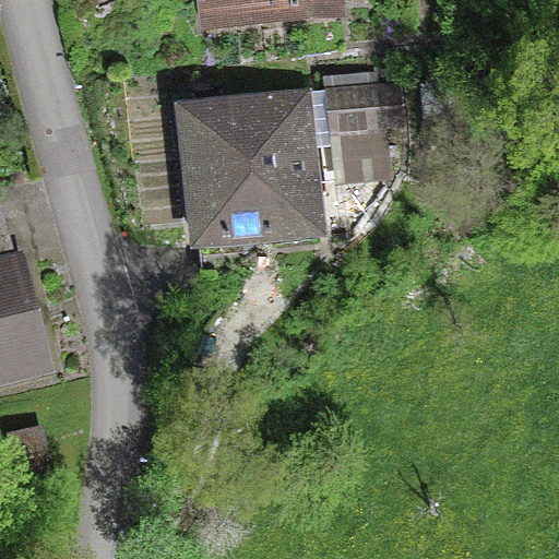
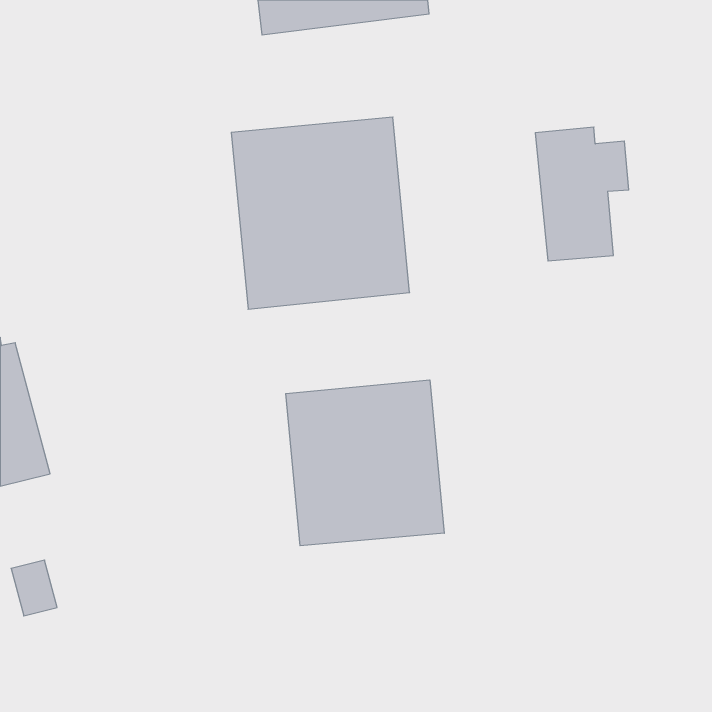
building: [328,74,401,179] -> [535,127,629,261]
building: none -> [286,380,444,546]

